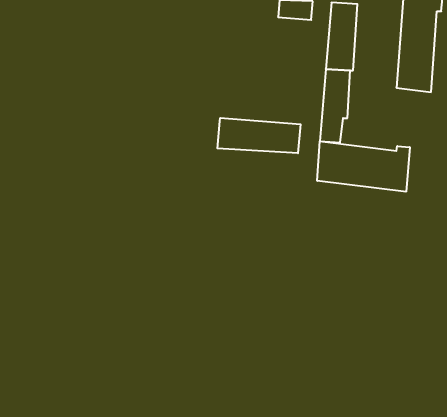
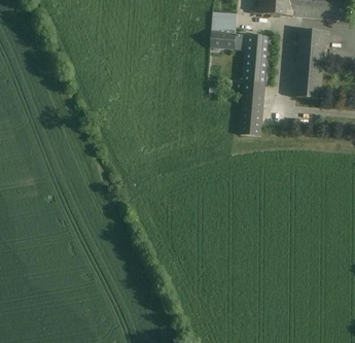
building: [217,118,301,153] -> none
building: [317,141,410,192] -> none

